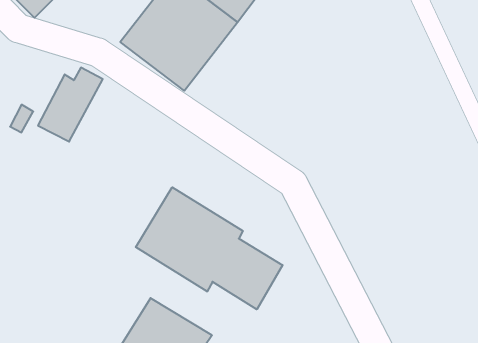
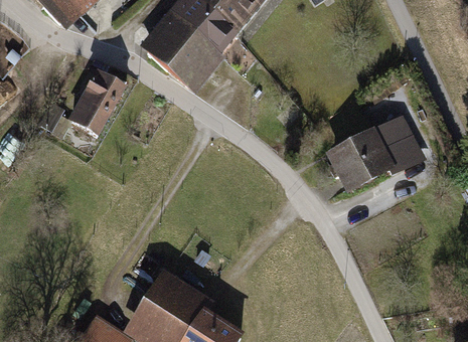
building: none -> [319,106,435,195]
building: [136,187,283,309] -> none

